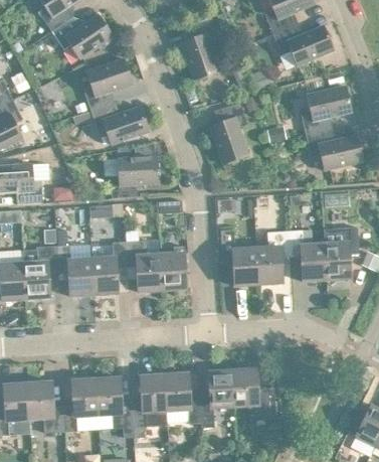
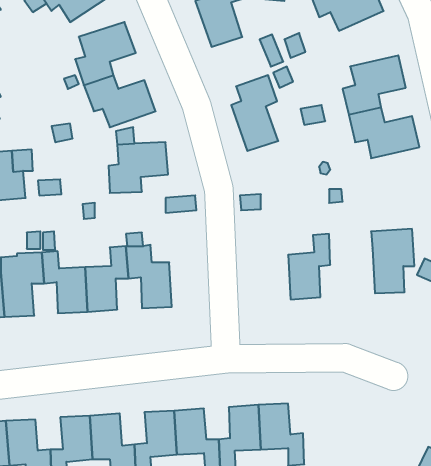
building: [220,229,258,285] -> none
building: [290,229,327,281] -> none
building: [160,252,186,290] -> none

